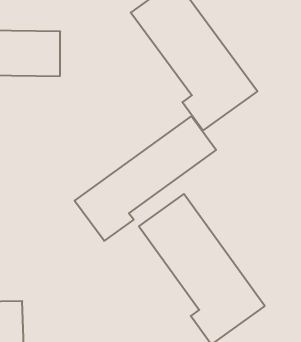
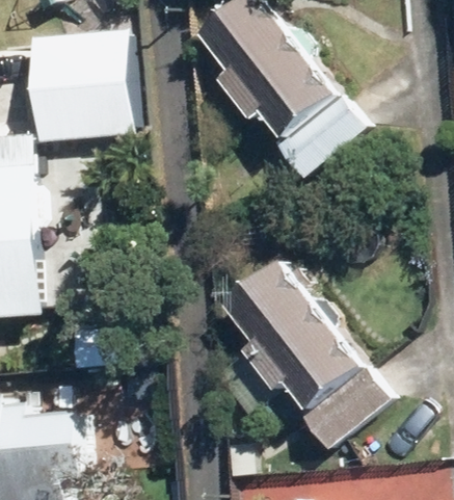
building: [75,116,216,241] -> none

